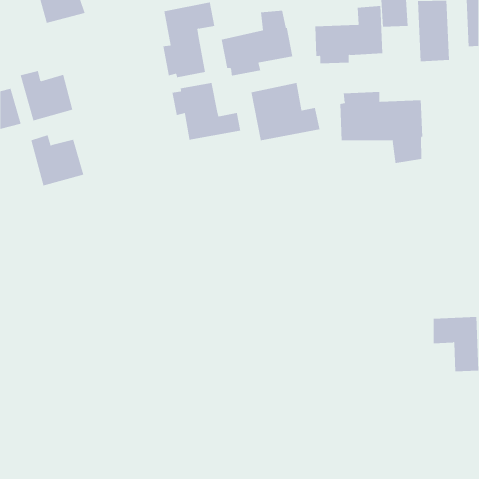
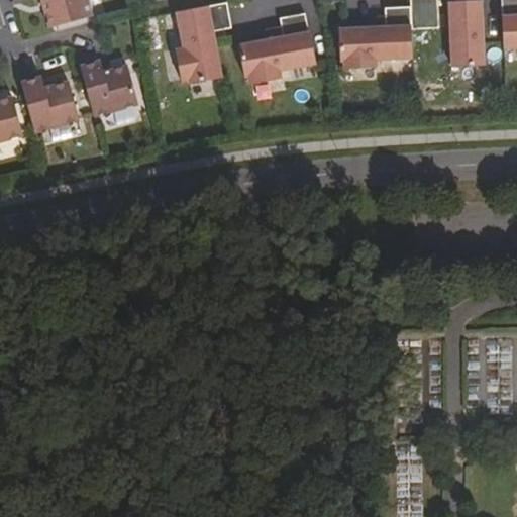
building: [172,82,241,140] -> none
building: [251,82,320,141] -> none
building: [340,91,423,164] -> none
building: [30,135,84,186] -> [81,59,138,114]

